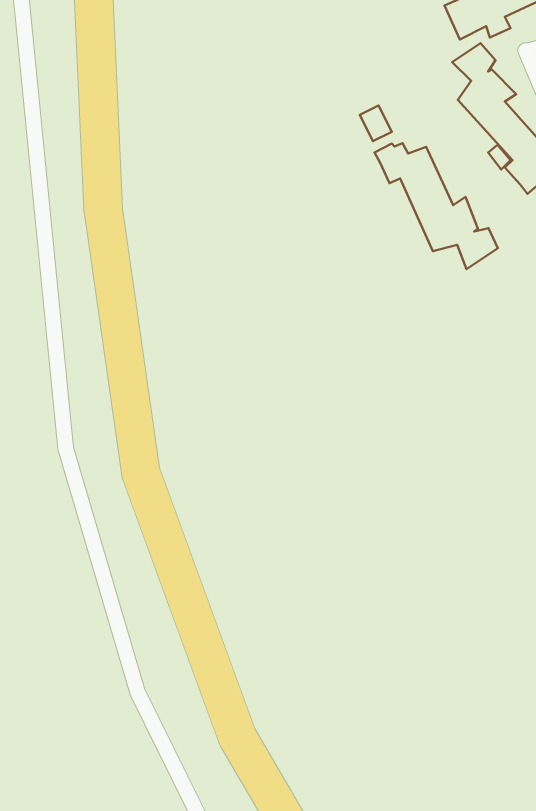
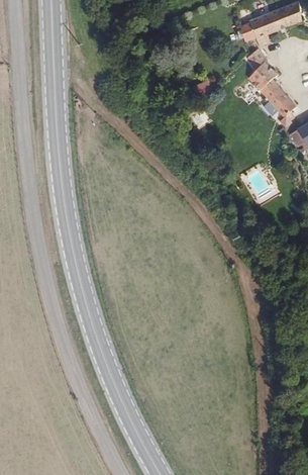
building: [375,143,498,269] -> none

